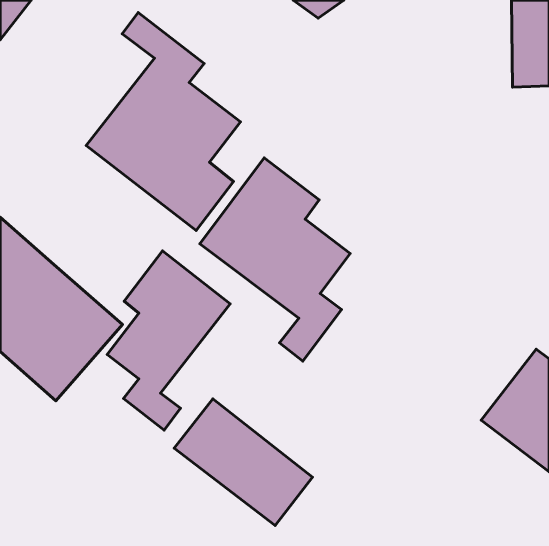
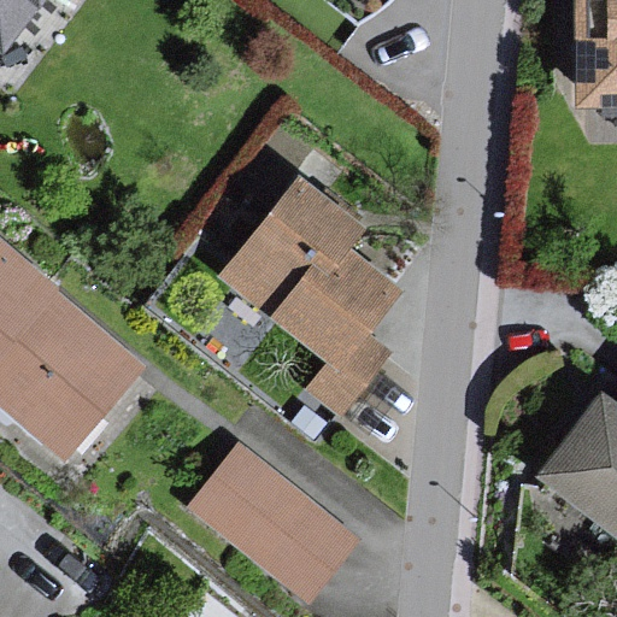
building: [86,12,240,231] -> none
building: [107,251,230,430] -> none

